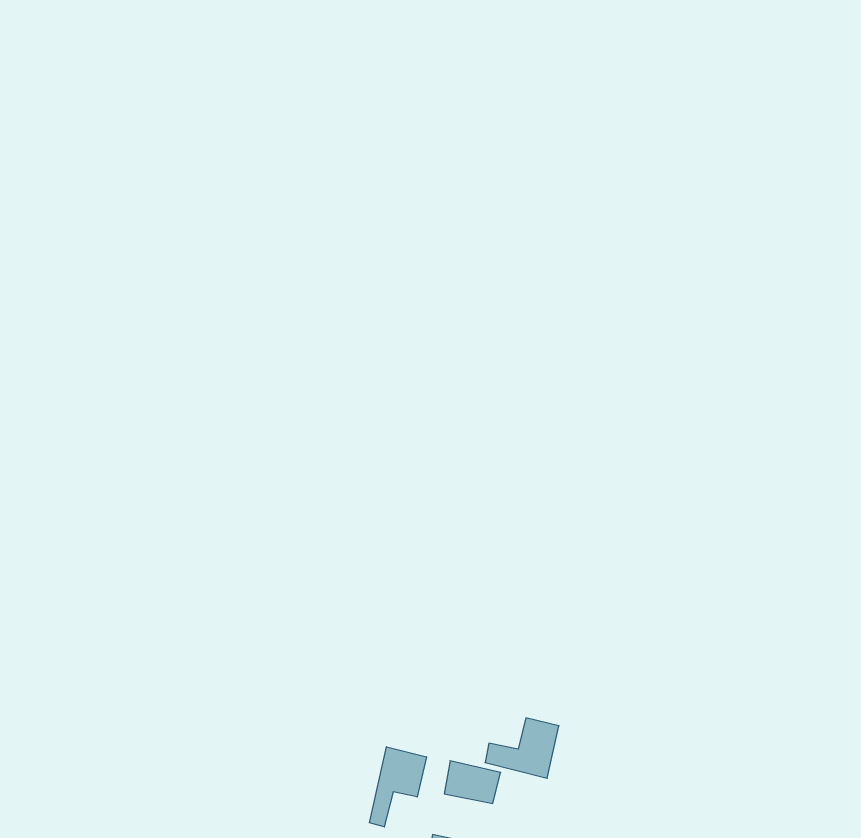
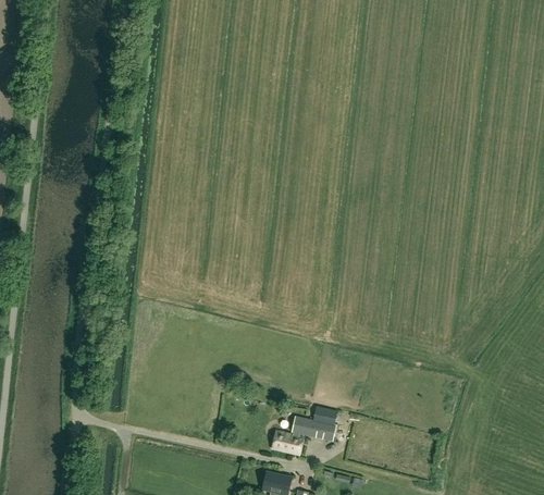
building: [370,747,426,827] -> none

